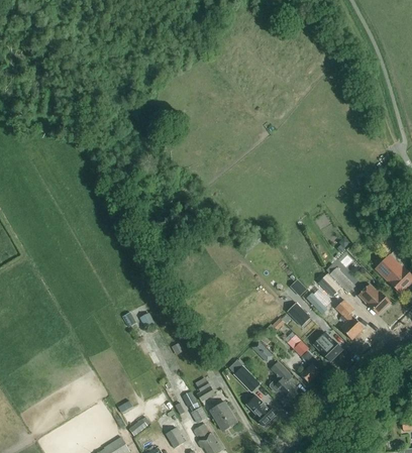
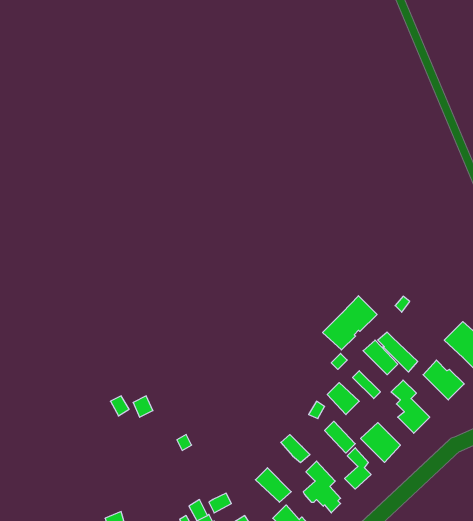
building: none -> [323,296,377,350]

